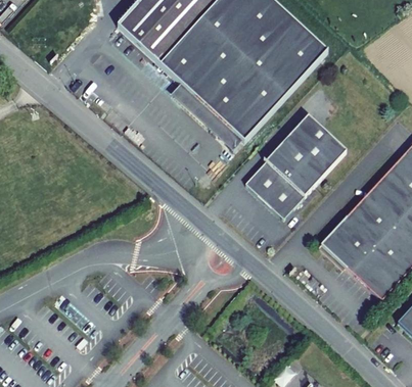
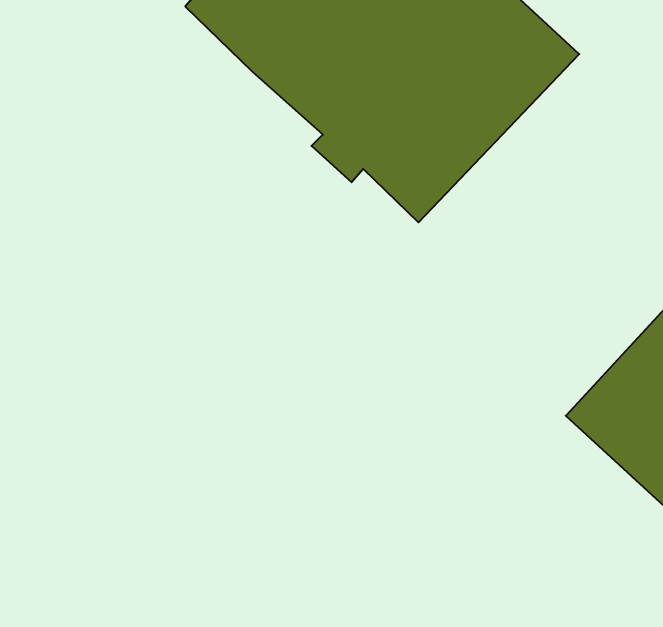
building: [244,113,346,216] -> none

